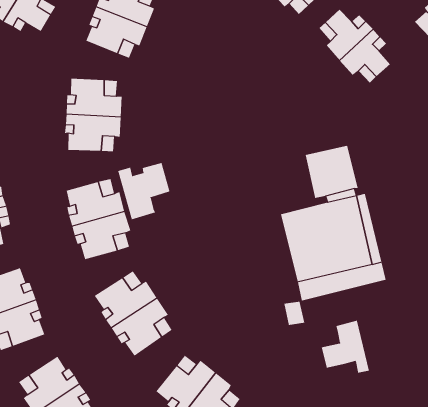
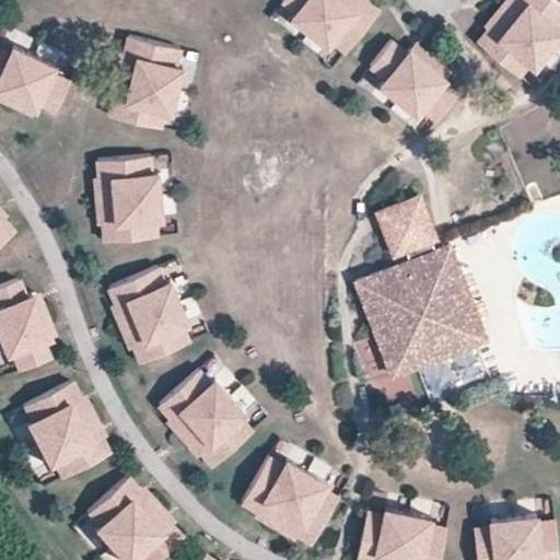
building: [117,162,170,220] -> none
building: [321,320,370,373] -> none

